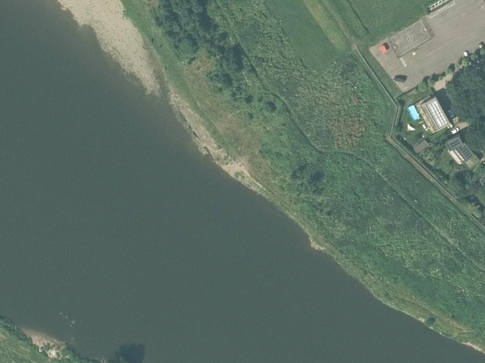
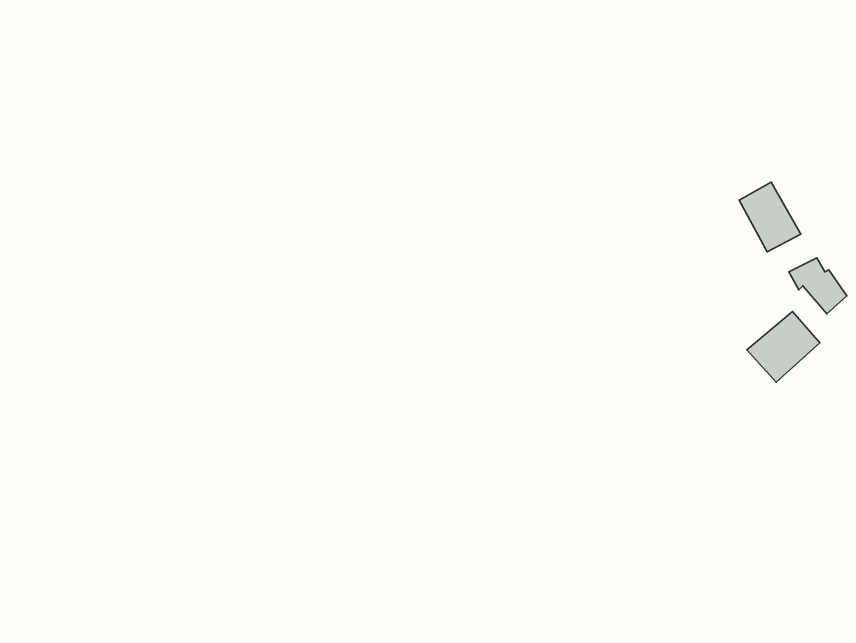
building: none -> [747,312,820,382]

